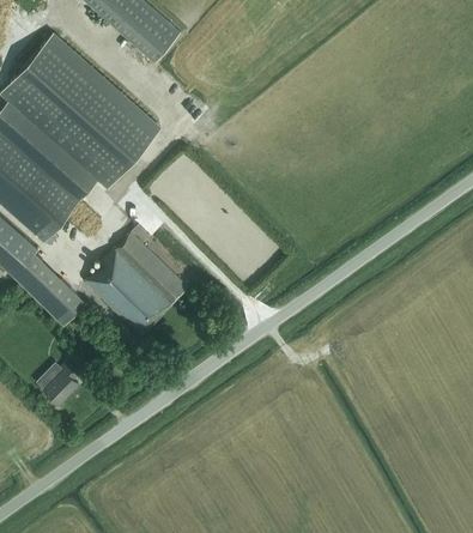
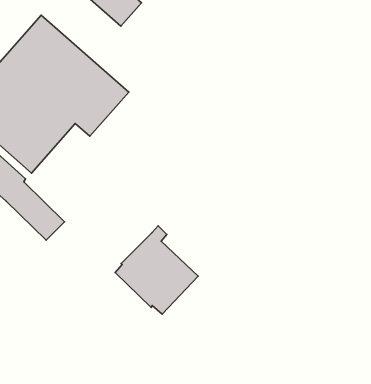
building: [85,223,187,332] -> [115,226,198,314]
building: [44,359,80,402] -> none

